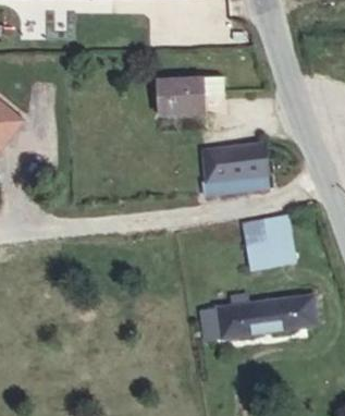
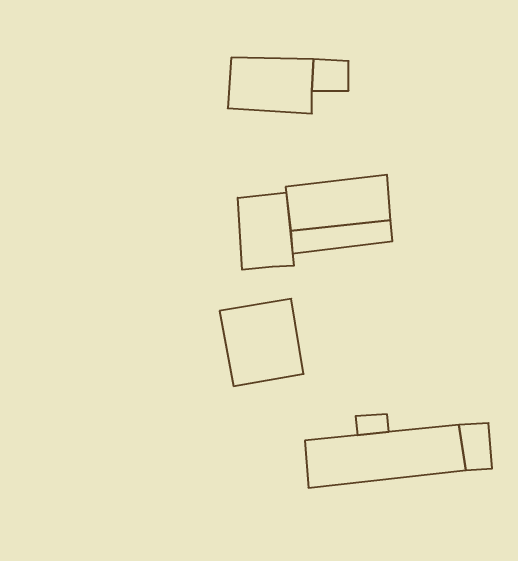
building: none -> [238,192,294,270]
building: [243,221,295,276] -> [220,299,304,386]

